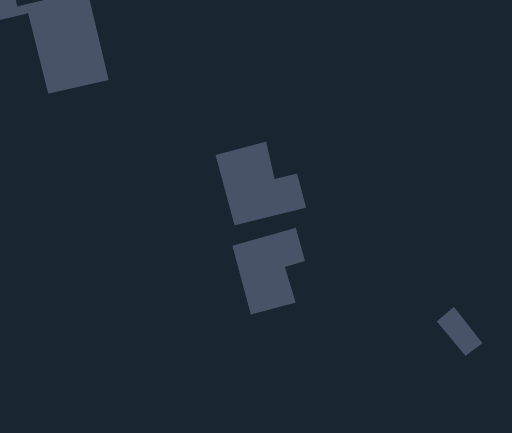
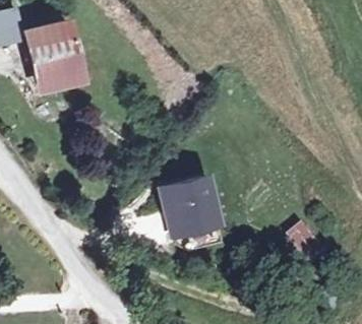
building: [215,141,307,226] -> none

